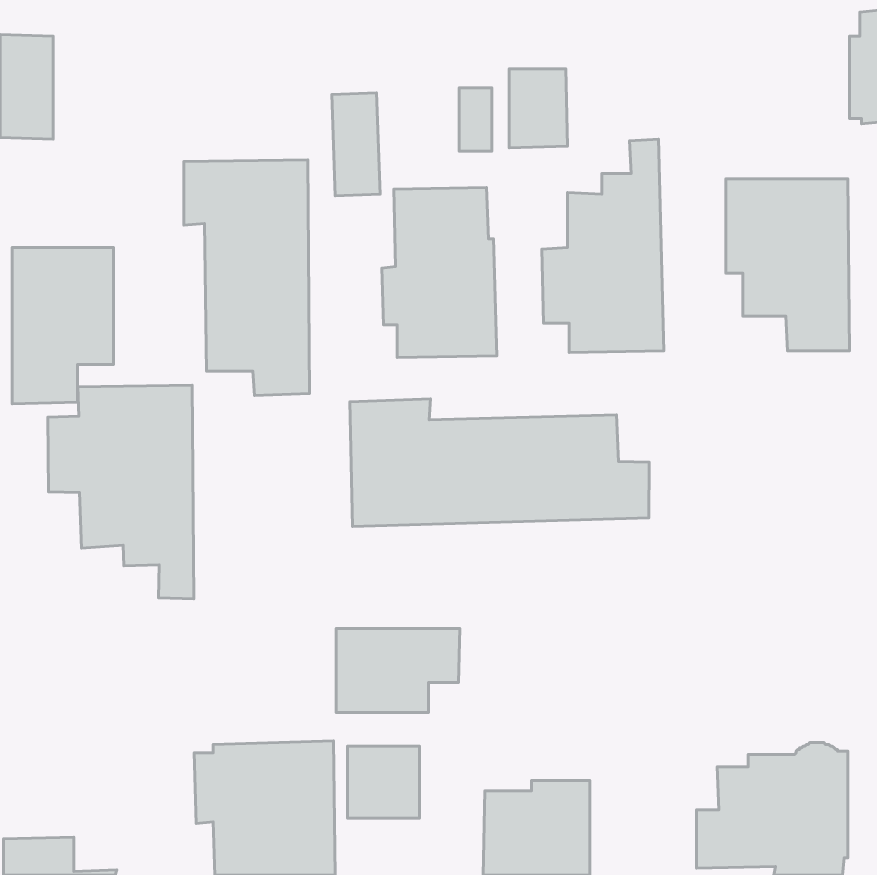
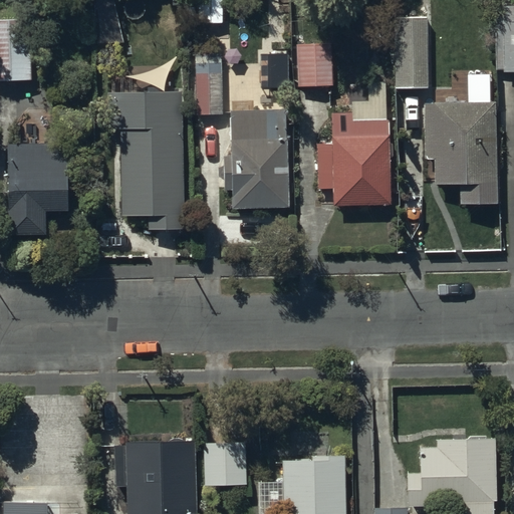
building: none -> [395,17,428,88]
building: [48,385,194,599] -> none
building: [350,399,649,526] -> none
building: [336,629,460,712] -> none

